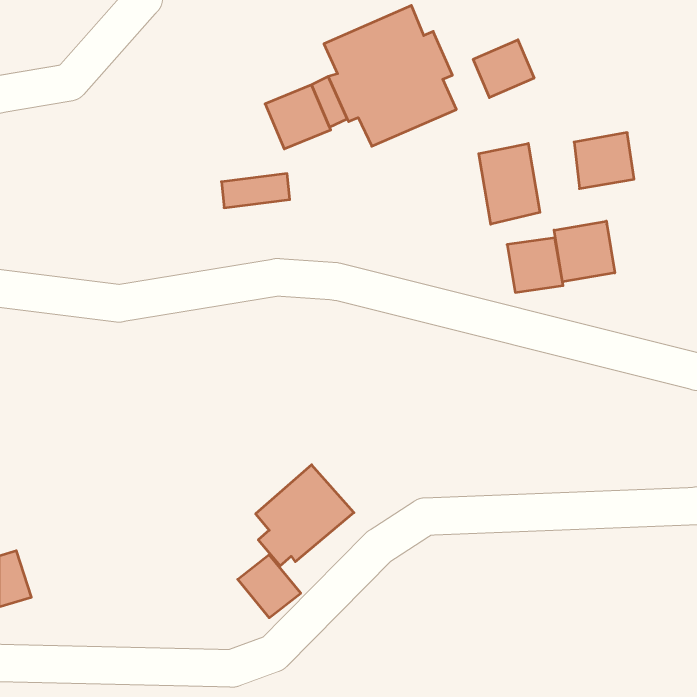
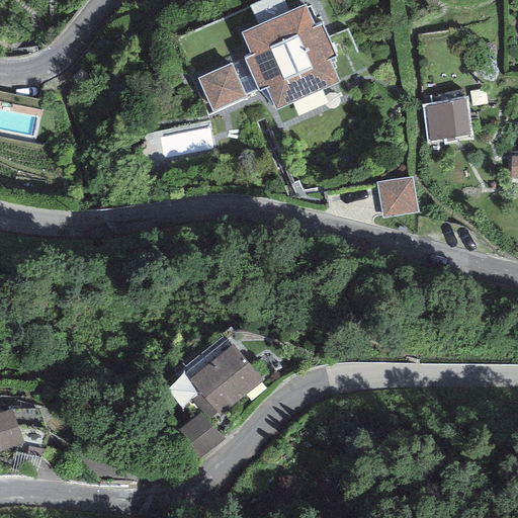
building: [473,40,534,98] -> none
building: [479,143,540,224] -> none
building: [554,221,615,282] -> none

